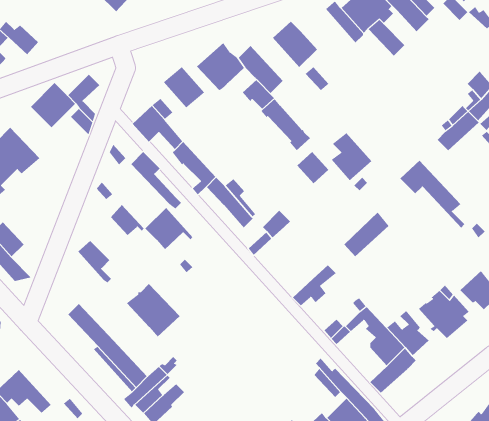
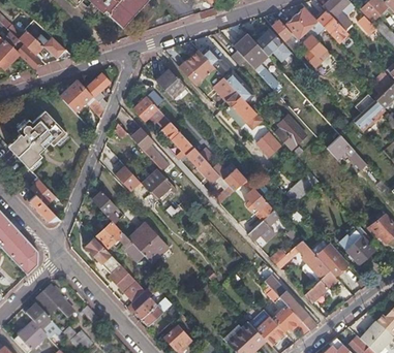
building: none -> [254,28,290,59]
building: none -> [245,187,274,220]
building: none -> [96,221,145,262]

